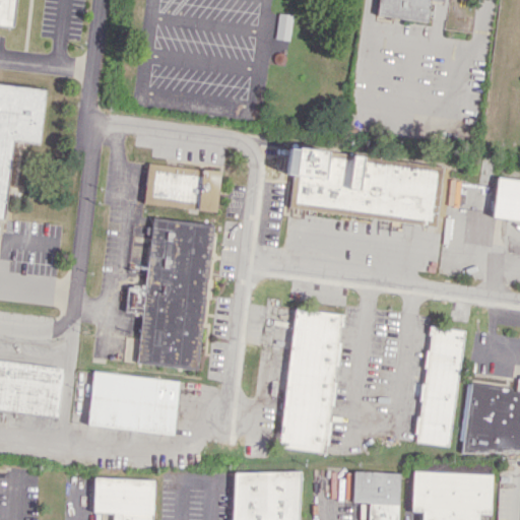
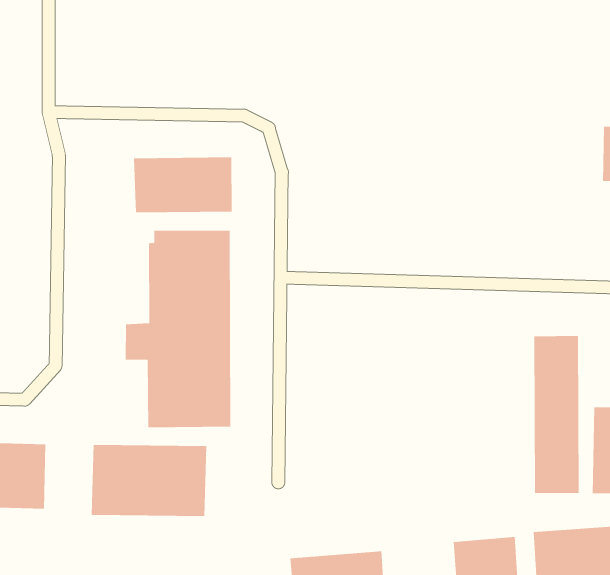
building: [287,147,444,226] -> none
building: [280,309,343,453] -> none

